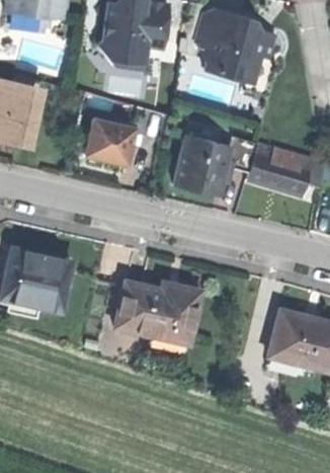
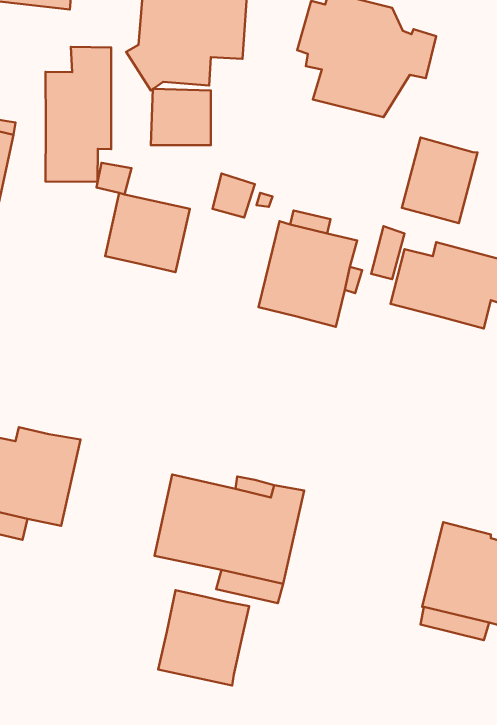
building: none -> [45,47,111,182]
building: none -> [402,138,477,223]
building: none -> [158,590,249,686]

